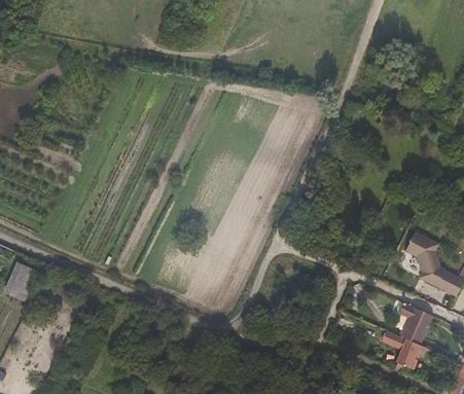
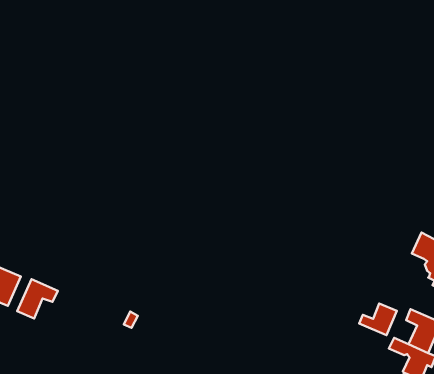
building: none -> [17,279,58,318]
building: none -> [359,303,397,335]

